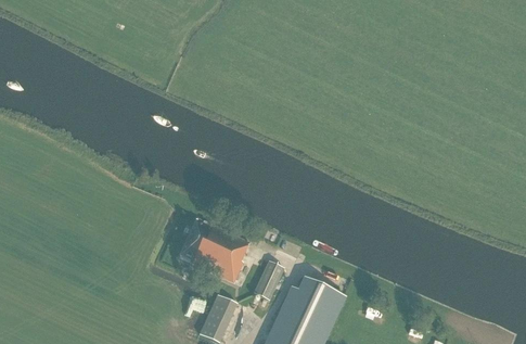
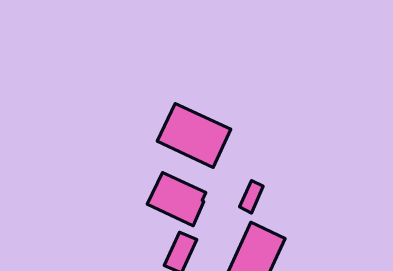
building: none -> [157,104,231,168]
building: [254,264,282,303] -> [240,181,263,213]

